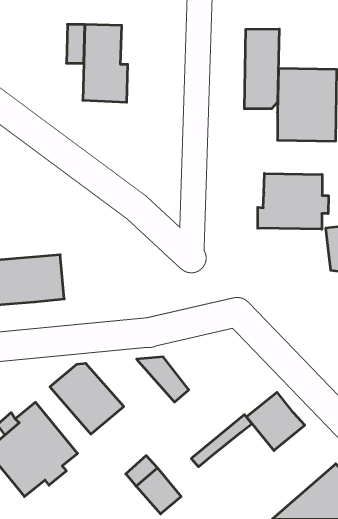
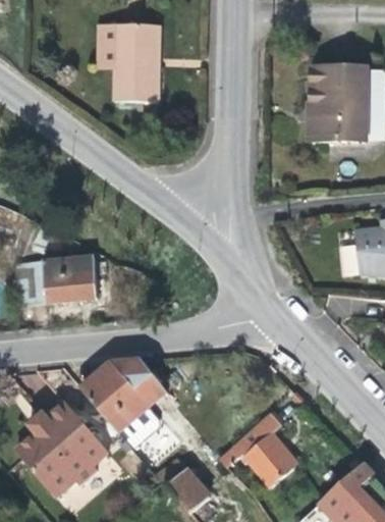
building: [244,29,279,109] -> none
building: [258,173,328,229] -> none
building: [137,357,189,402] -> [116,360,168,405]
building: [246,392,305,451] -> [240,430,298,488]

